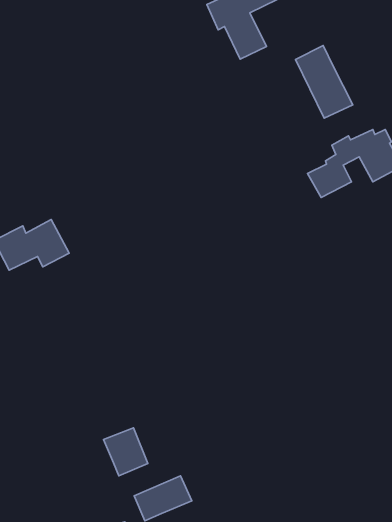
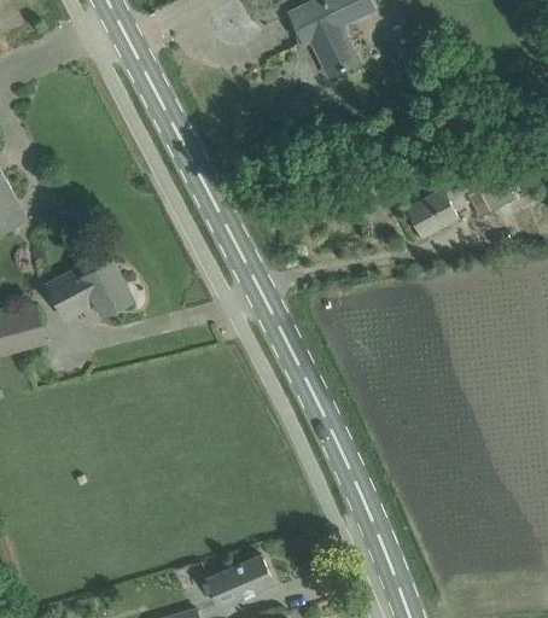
building: [295,45,353,118] -> none
building: [103,428,148,476] -> none

